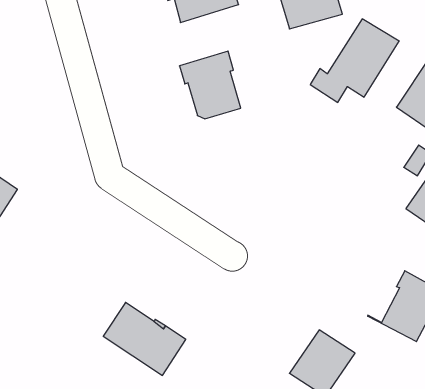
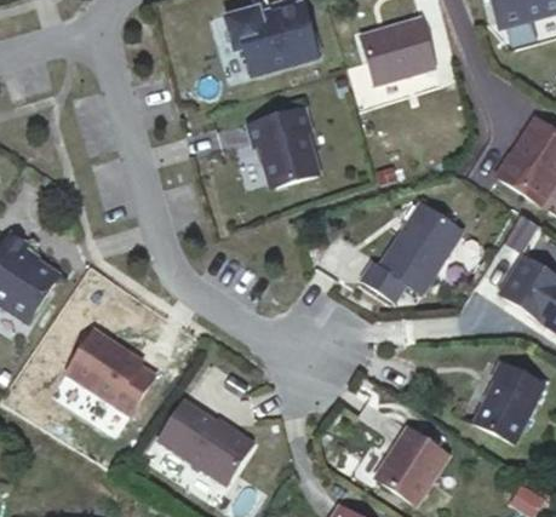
building: [310,19,399,102] -> [359,206,460,301]
building: none -> [67,326,156,412]

